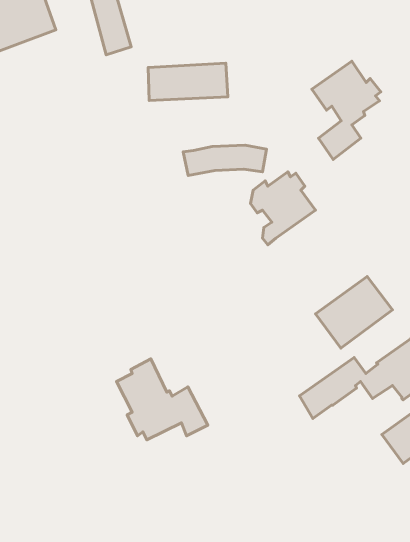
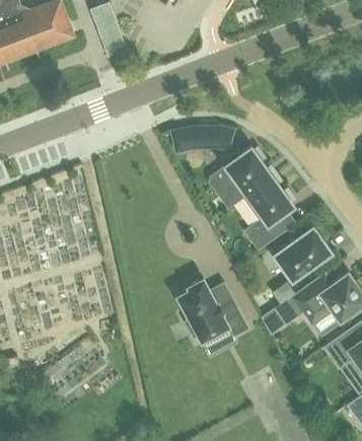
building: [312,61,381,159] -> [241,175,294,250]
building: [148,63,228,101] -> none
building: [116,359,208,440] -> [185,276,255,338]

